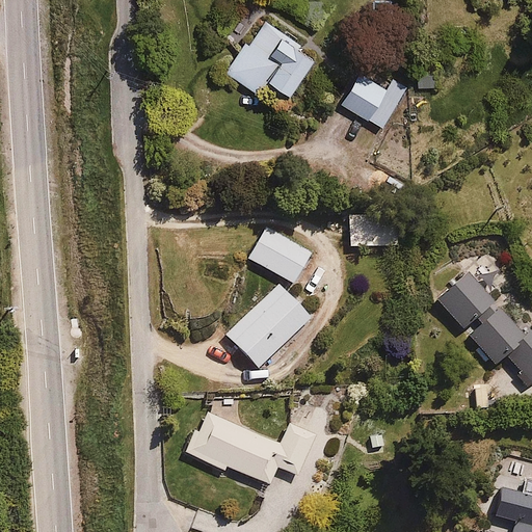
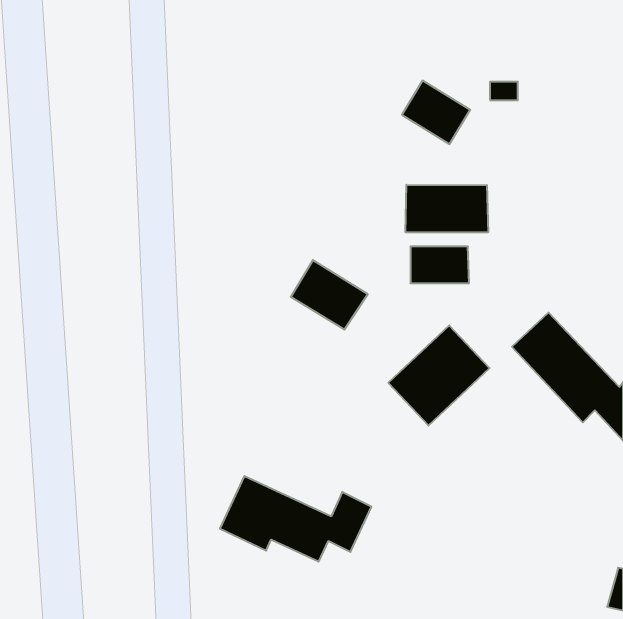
building: [227,20,317,110] -> none
building: none -> [406,185,488,232]
building: [225,285,312,370] -> [388,325,490,426]

